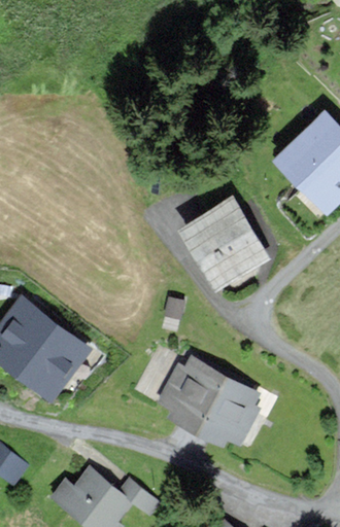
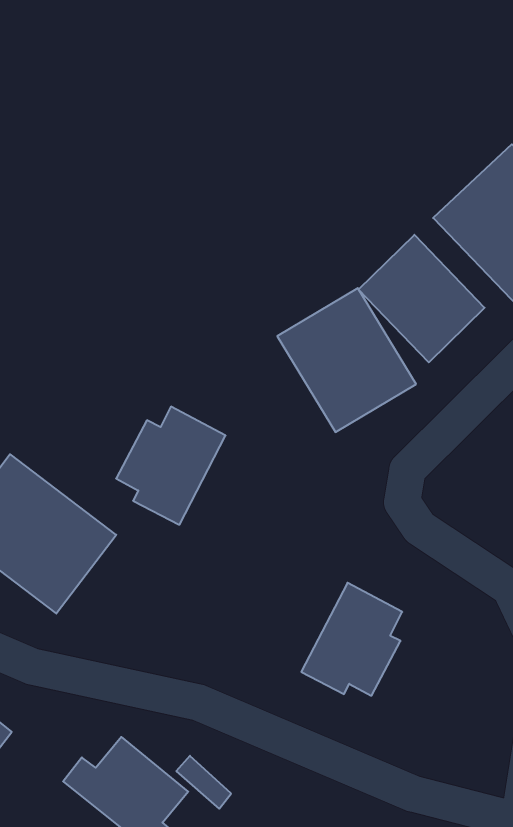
building: none -> [359,235,485,362]
building: [160,359,226,430] -> [116,407,226,525]

